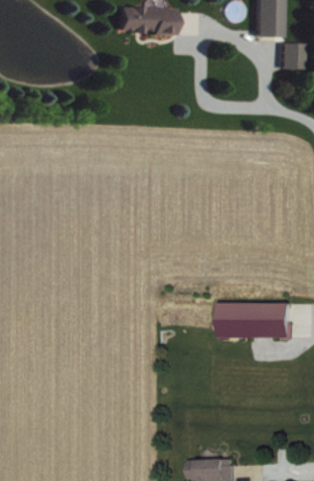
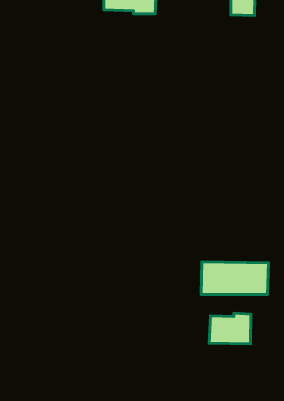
building: [280,42,303,69] -> none
building: none -> [209,313,251,344]

